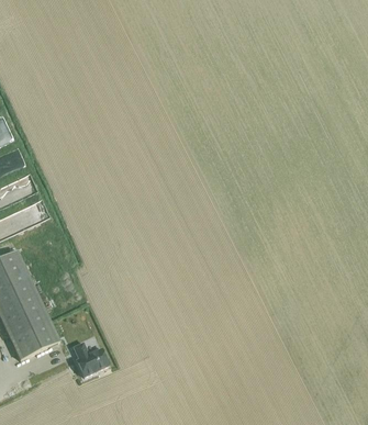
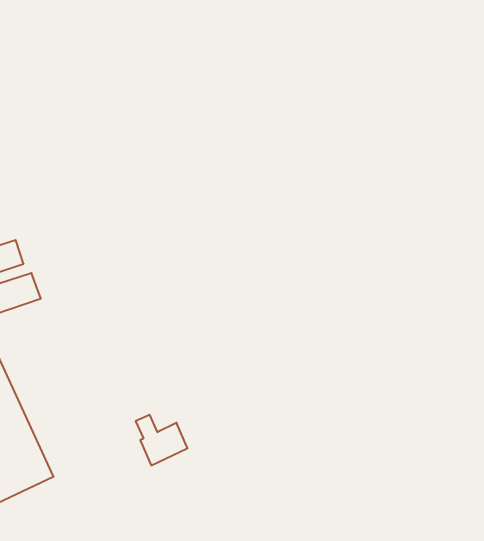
building: [71,340,108,376] -> [136,415,188,465]

